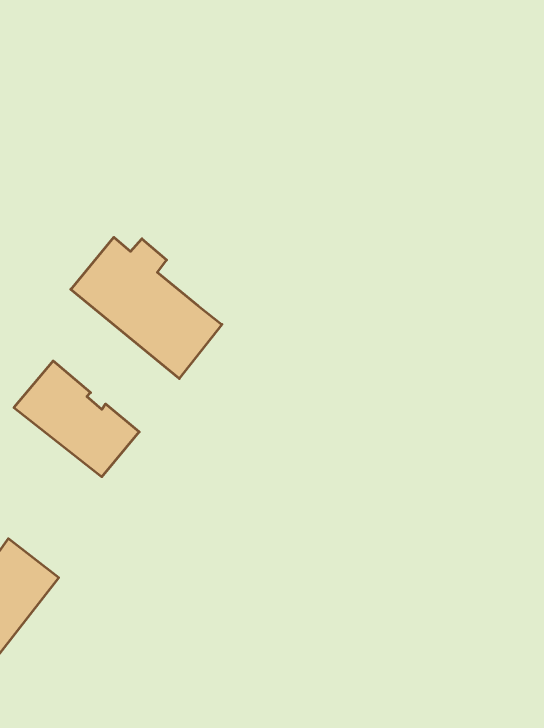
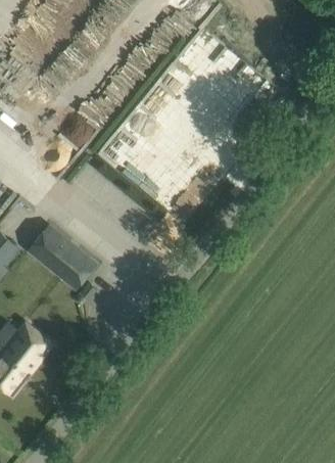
building: [71,237,222,379] -> none

